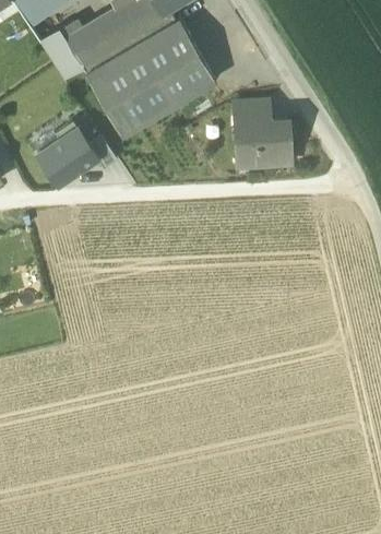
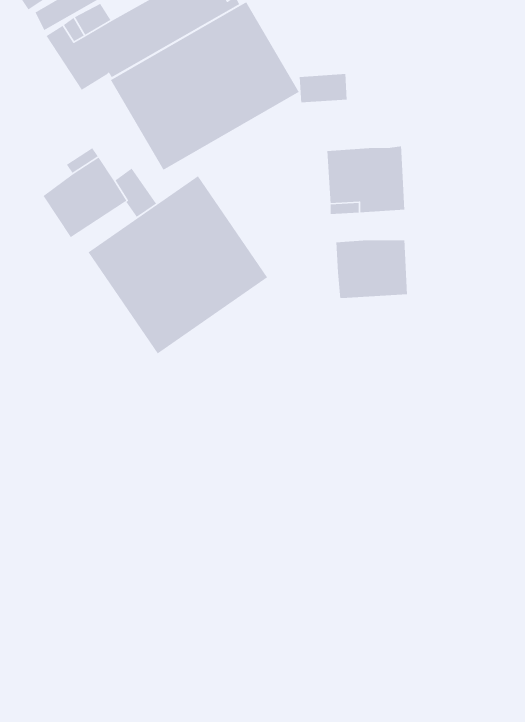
building: [234,100,267,121] -> [299,73,348,103]
building: none -> [87,175,268,354]
building: none -> [336,240,408,299]

